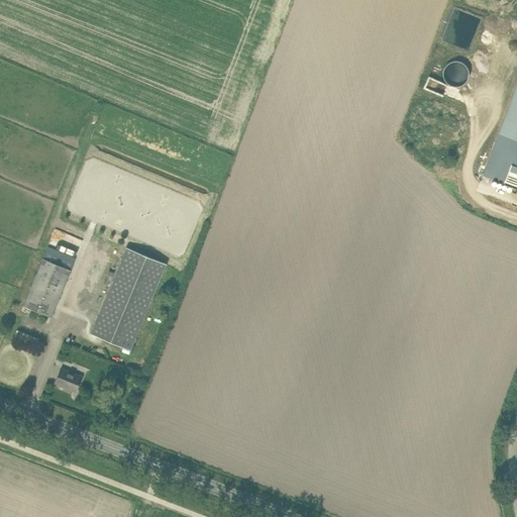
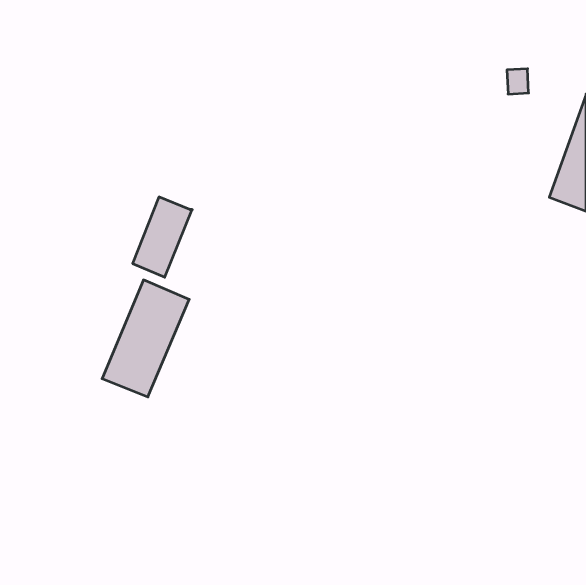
building: [24,247,77,318] -> [133,197,192,277]
building: [55,369,82,392] -> none

